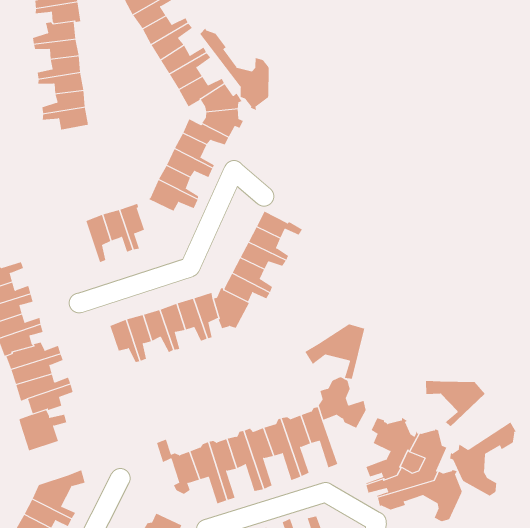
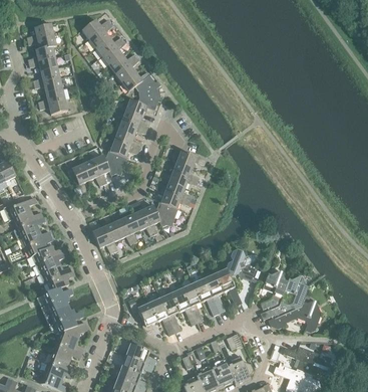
building: [200,27,269,111] -> none
building: none -> [102,150,127,177]
building: [304,323,365,380] -> none
building: [425,380,486,427] -> none
building: [449,421,517,497] -> none
building: none -> [50,306,82,334]

